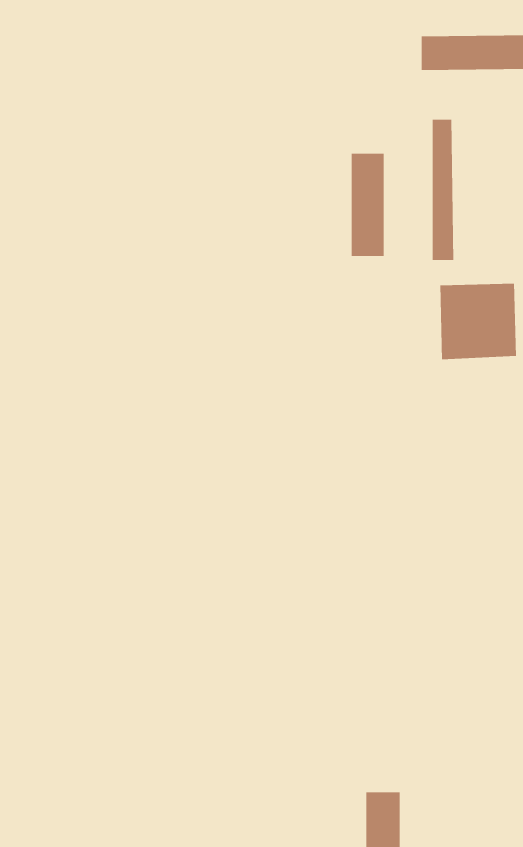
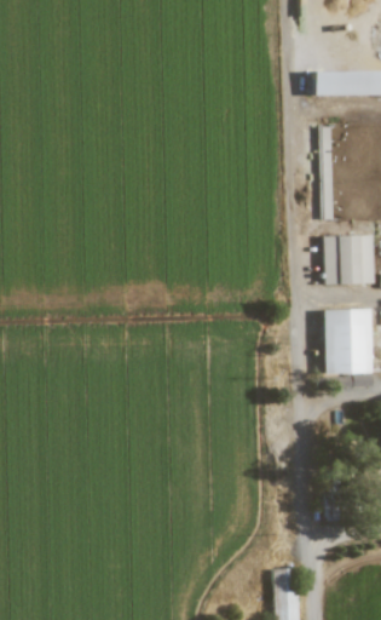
building: [351,153,384,257] -> none
building: none -> [324,308,371,373]

